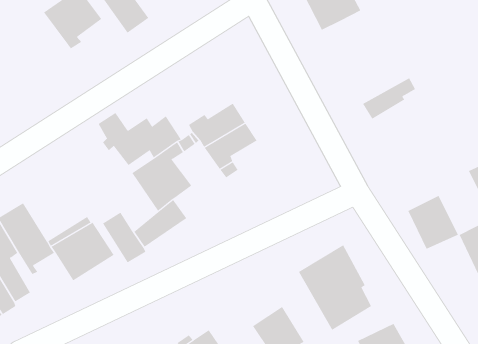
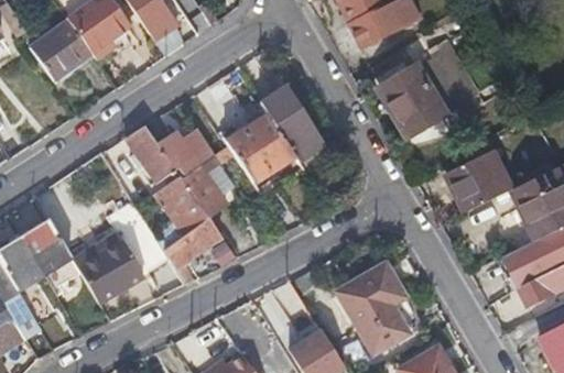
building: none -> [33,21,95,81]
building: none -> [383,56,454,117]
building: none -> [261,88,324,168]
building: [407,195,459,250] -> [451,152,505,209]

